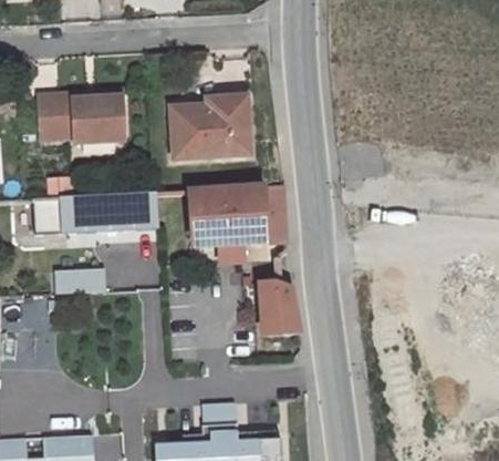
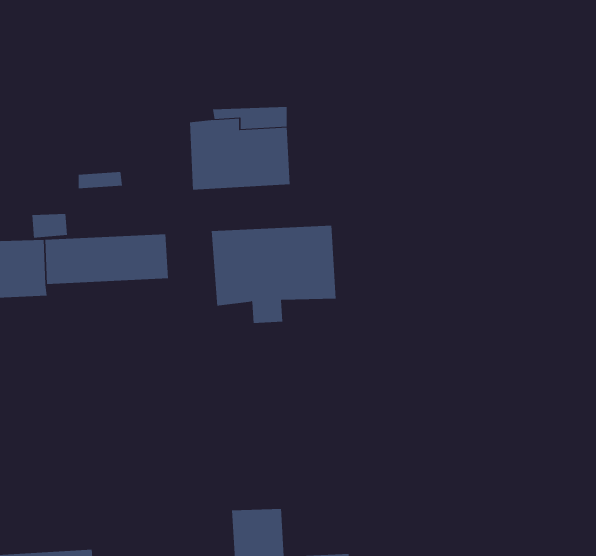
building: [37,92,121,143] -> none
building: [52,269,107,294] -> none
building: [253,281,295,335] -> none

